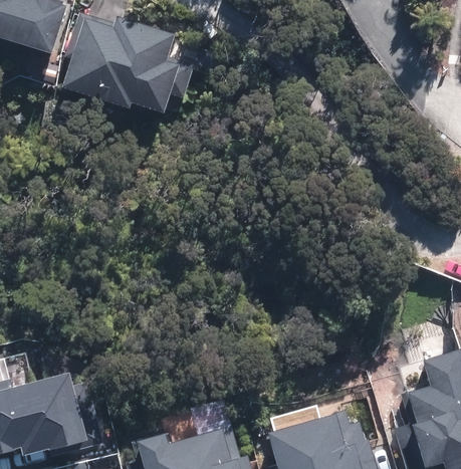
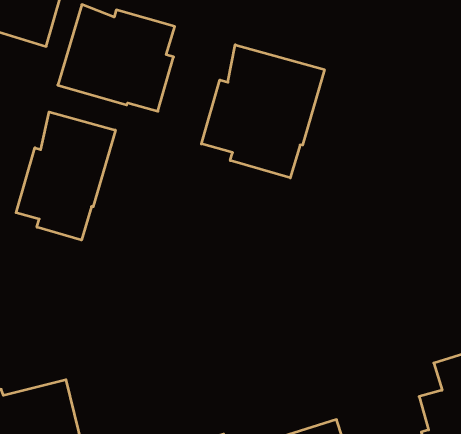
building: none -> [201,45,324,178]
building: none -> [16,112,115,240]

